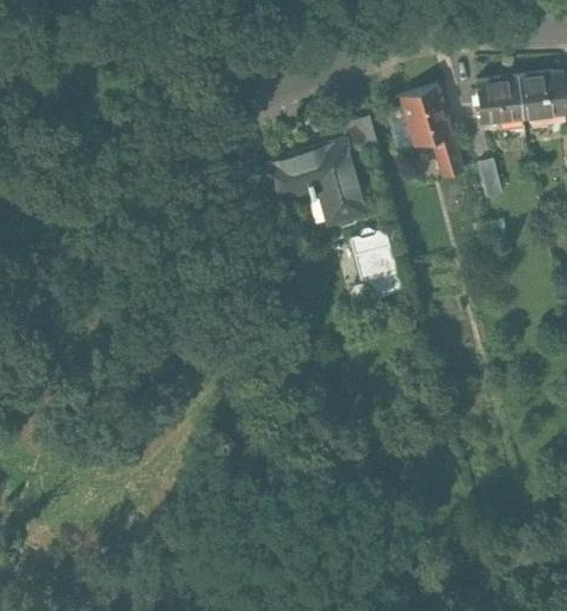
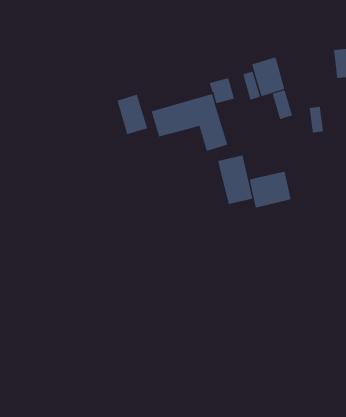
building: [474,79,520,124] -> none
building: none -> [117,94,148,135]
building: none -> [249,171,291,208]

